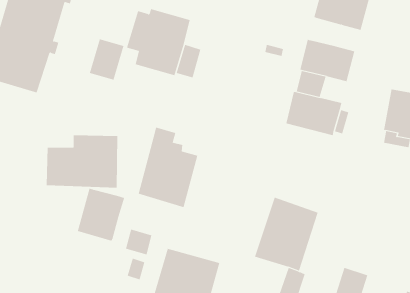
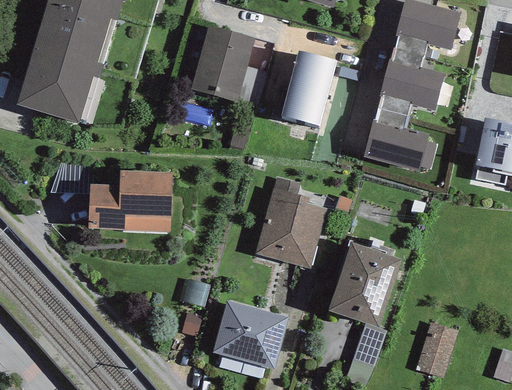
building: none -> [391,36,427,68]
building: none -> [281,51,336,125]
building: [89,38,124,81] -> none
building: [138,127,198,208] -> [256,176,325,269]
building: [77,188,125,241] -> none

